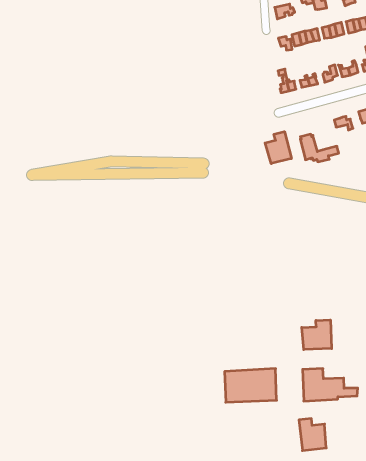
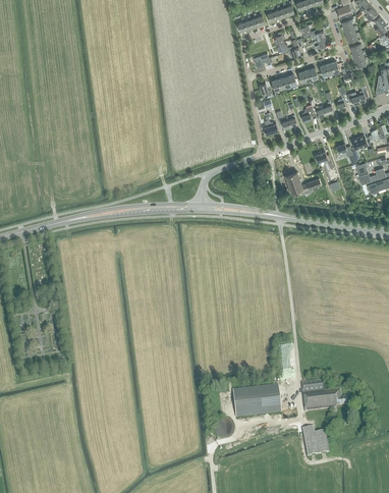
building: [265,132,291,164] -> none
building: [302,320,332,350] -> none

